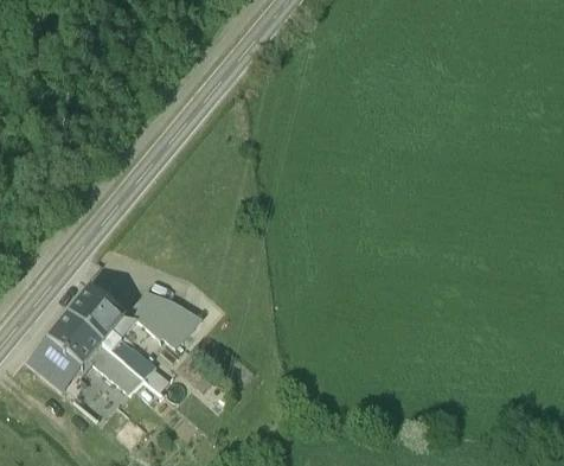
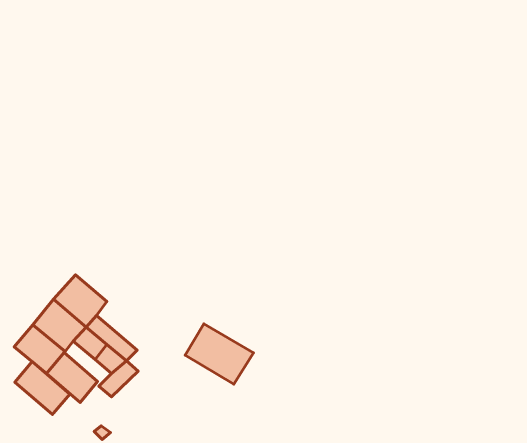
building: [128,285,198,346] -> [185,324,254,384]
building: none -> [15,362,70,415]

